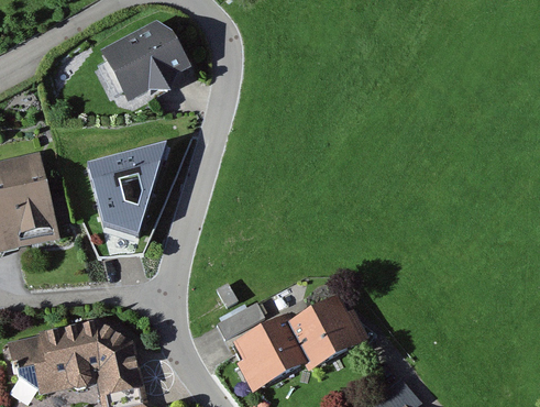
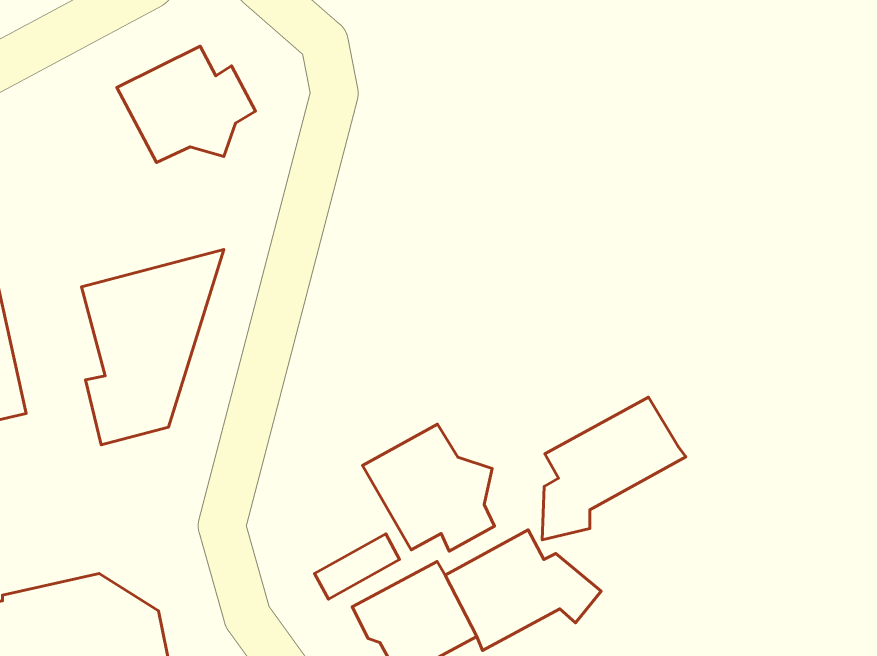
building: none -> [542,397,686,540]
building: none -> [362,424,495,551]

